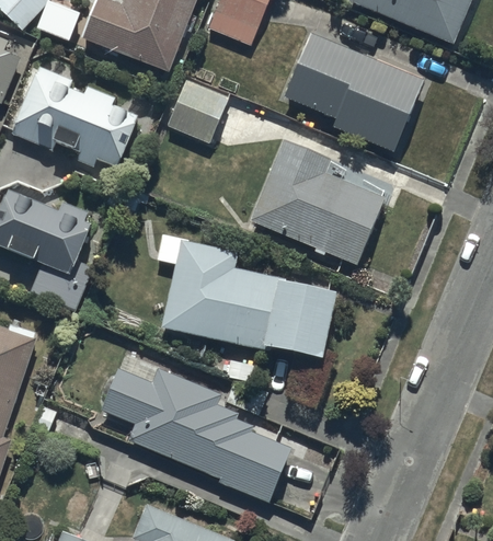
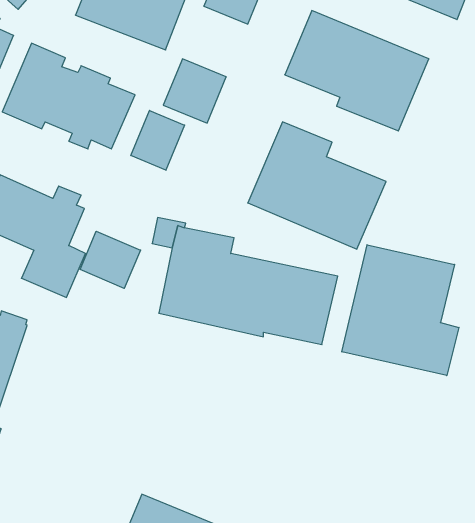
building: none -> [131,110,185,170]
building: none -> [80,231,141,288]
building: none -> [342,245,459,376]
building: [100,367,290,502] -> none

